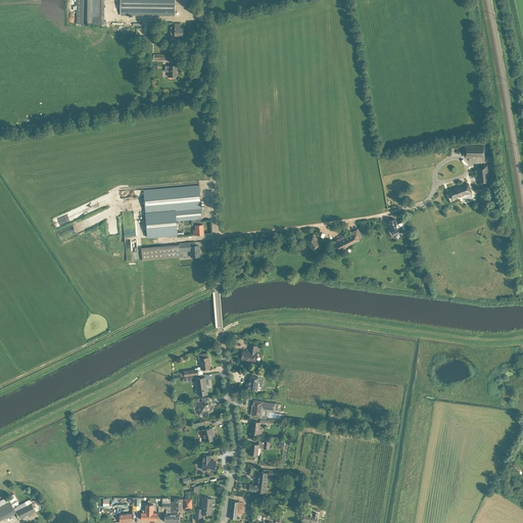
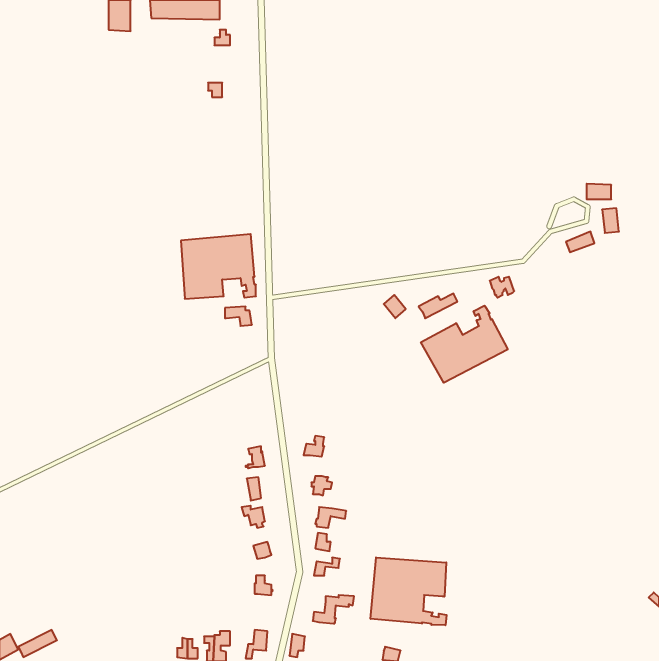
building: none -> [421,306,508,383]
building: none -> [371,557,447,625]

